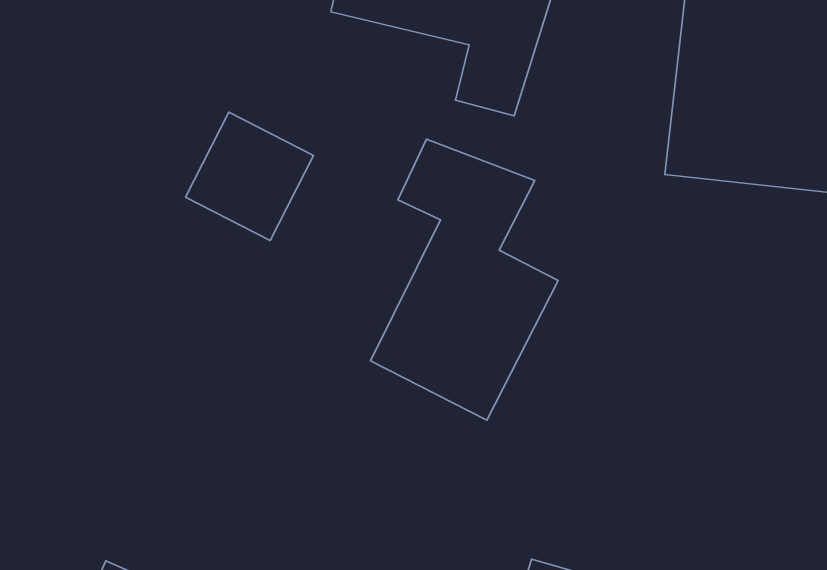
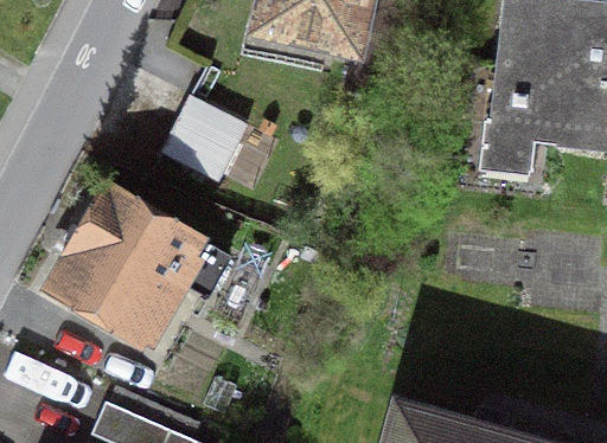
building: [370,139,558,420] -> none
building: none -> [50,190,225,339]

